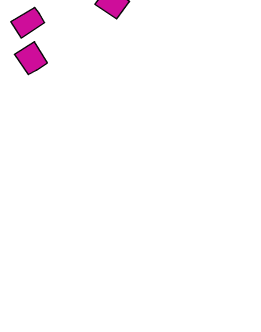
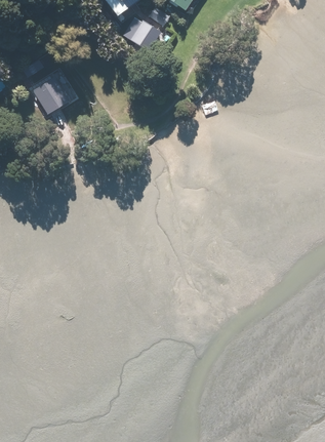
building: [11,7,45,38] -> none

